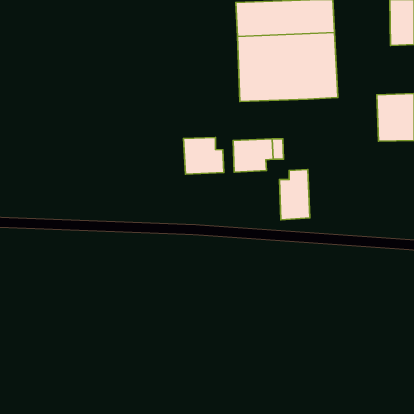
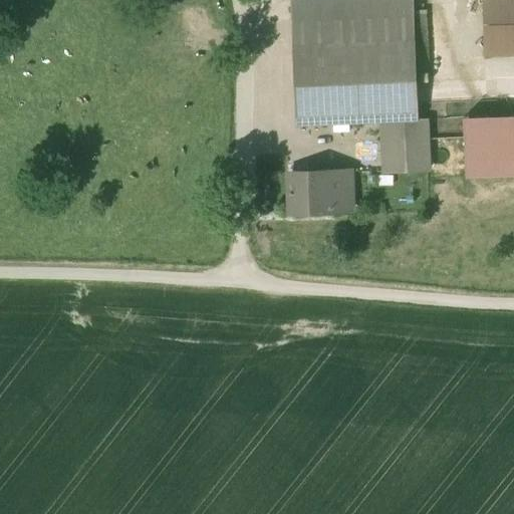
building: none -> [381,118,428,172]
building: [183,138,224,174] -> none
building: [280,170,310,220] -> none

